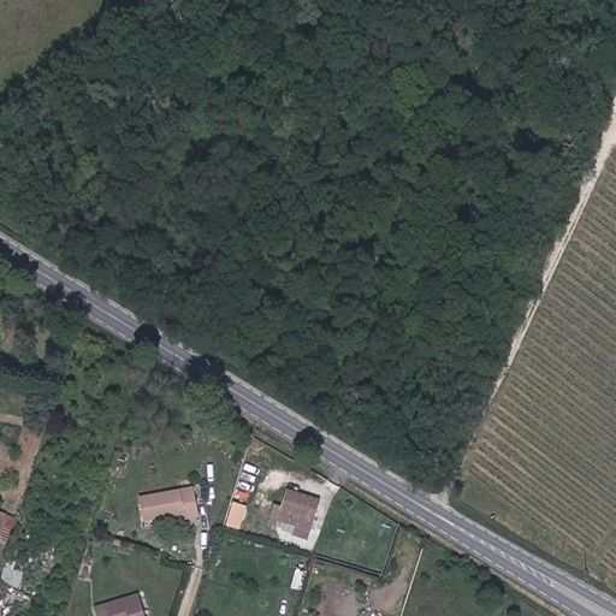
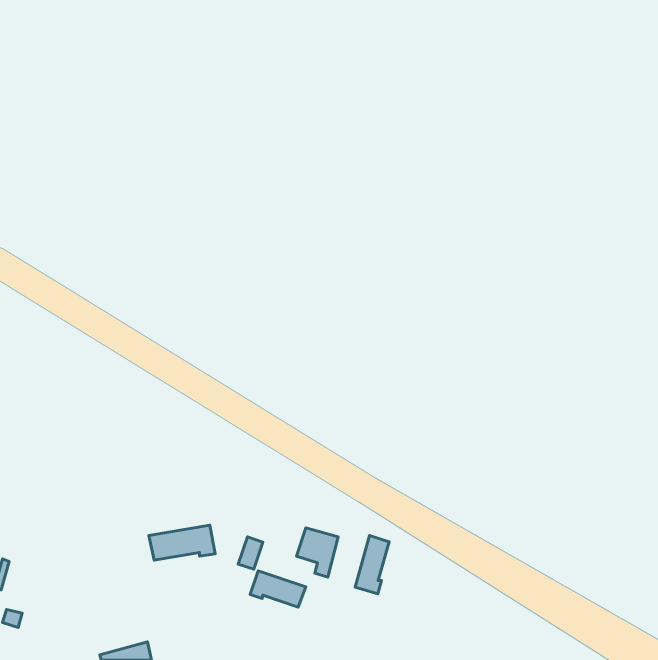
building: none -> [355,535,389,594]
building: none -> [250,571,306,607]

